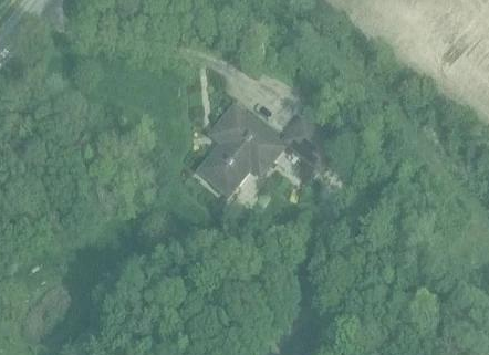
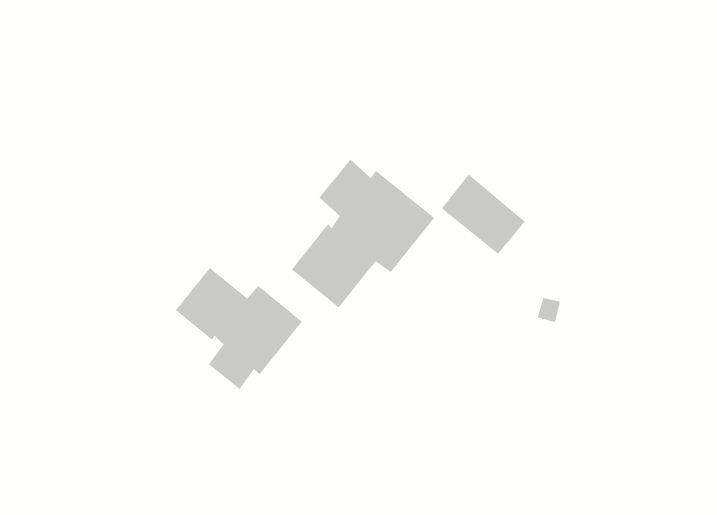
building: none -> [175,267,303,390]

